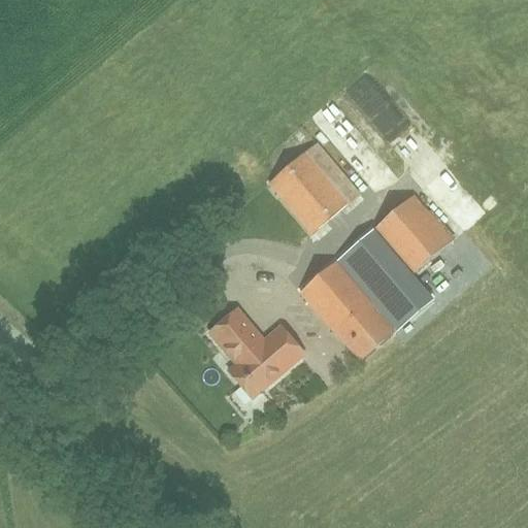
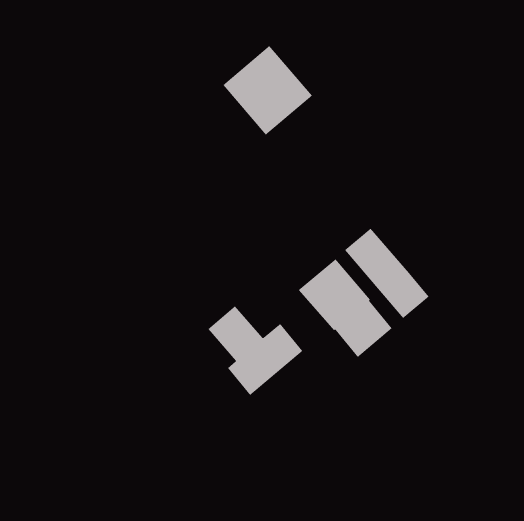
building: [268,142,359,233] -> [222,45,313,135]
building: [372,194,452,274] -> none

